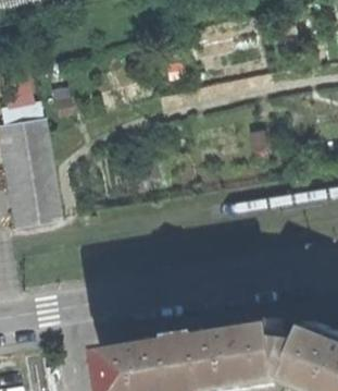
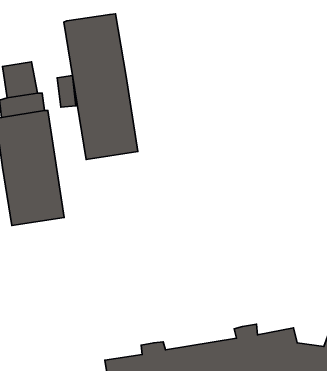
building: none -> [64,14,138,160]

